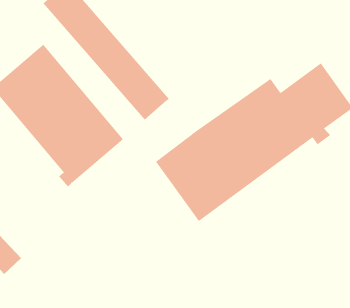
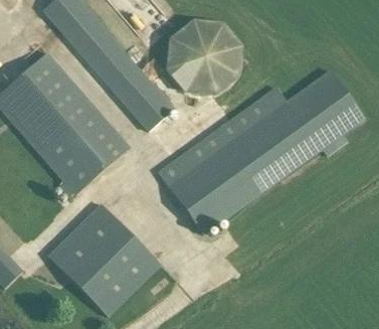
building: none -> [167,19,243,96]
building: none -> [49,205,160,316]

